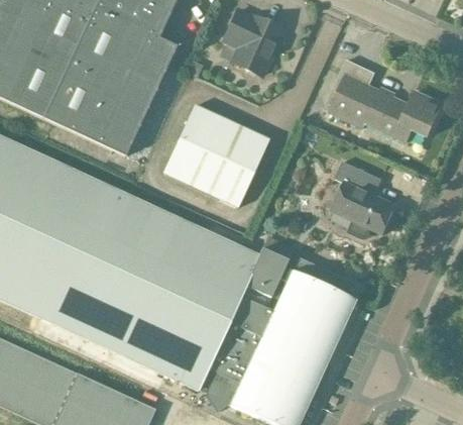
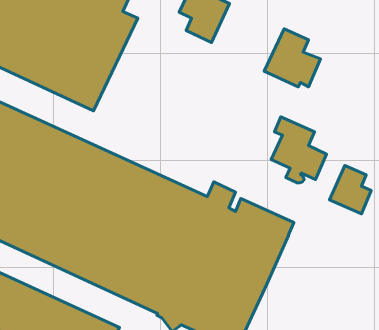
building: [375,90,443,140] -> none
building: [162,104,269,207] -> none
building: none -> [329,165,371,214]

